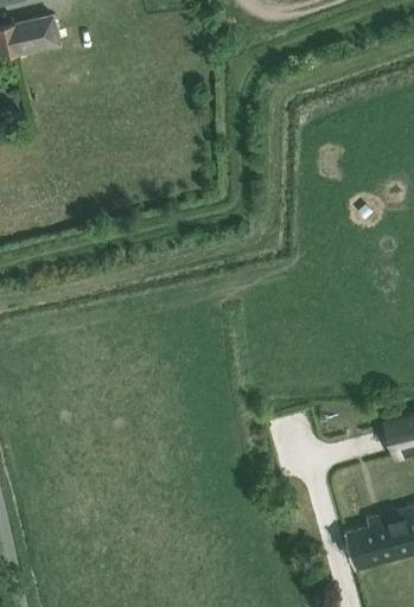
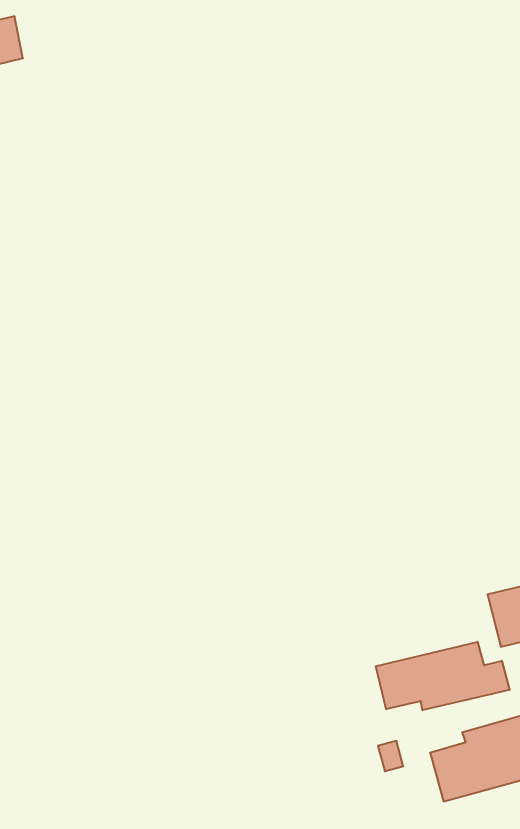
building: none -> [376,642,510,710]

